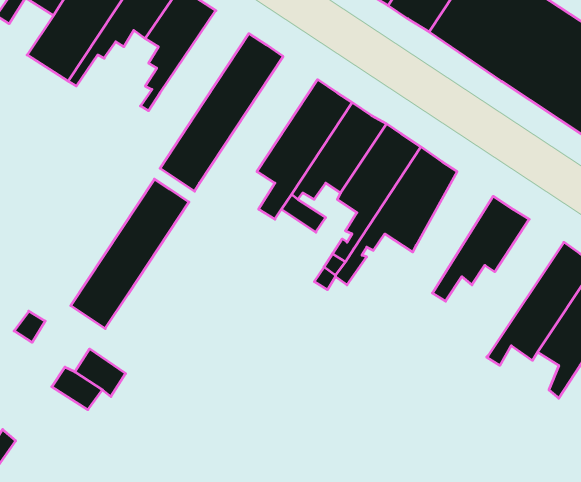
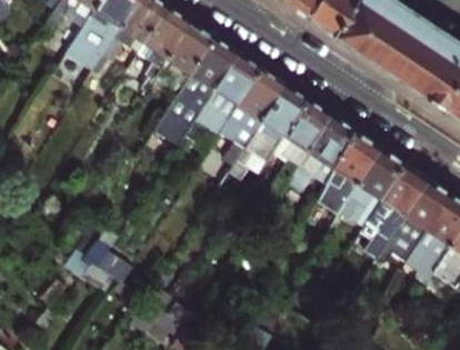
building: none -> [154,22,214,93]
building: none -> [321,131,380,227]
building: [71,179,189,329] -> [181,53,261,154]
building: none -> [370,163,428,256]

